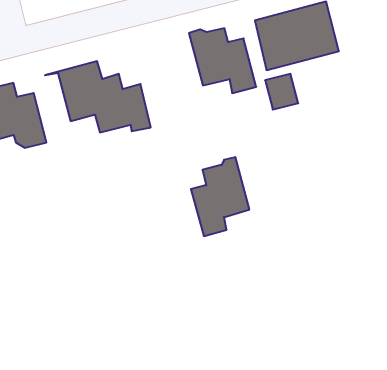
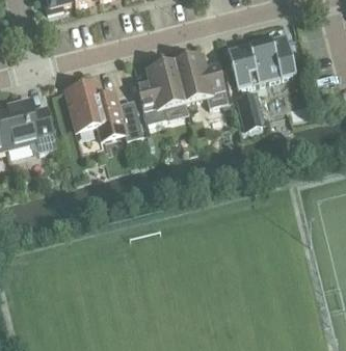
building: [191,157,249,236] -> [137,58,185,123]

